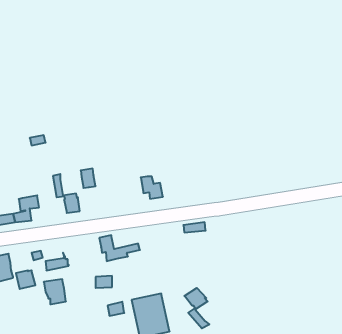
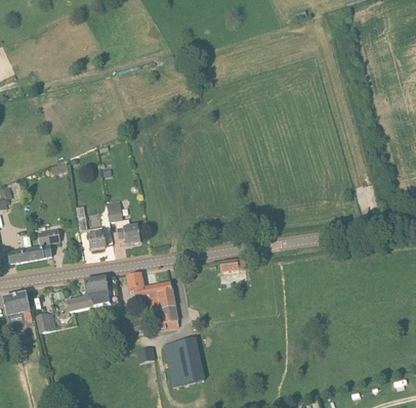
building: [141,176,163,199] -> [116,218,140,242]
building: none -> [149,288,178,329]
building: [44,279,66,304] -> [85,277,110,305]
building: [184,288,209,328] -> none

